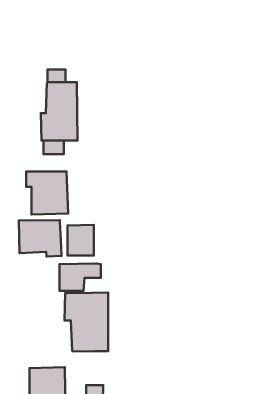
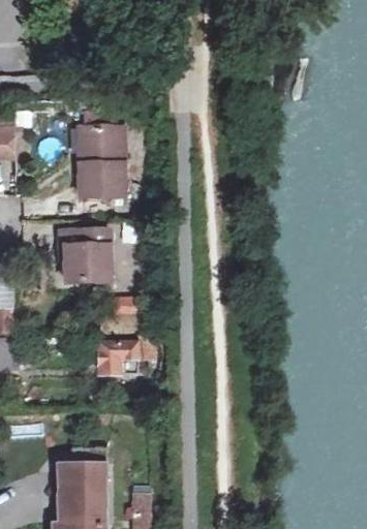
building: [19,220,62,256] -> none
building: [64,293,108,352] -> none

